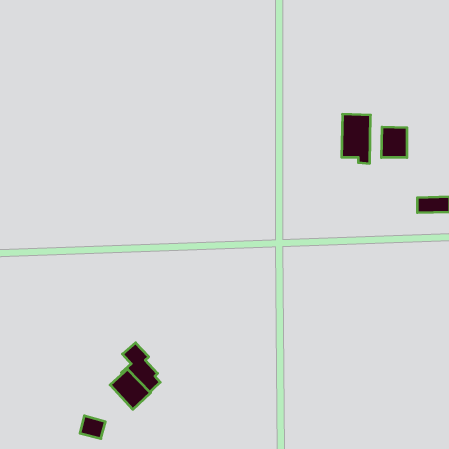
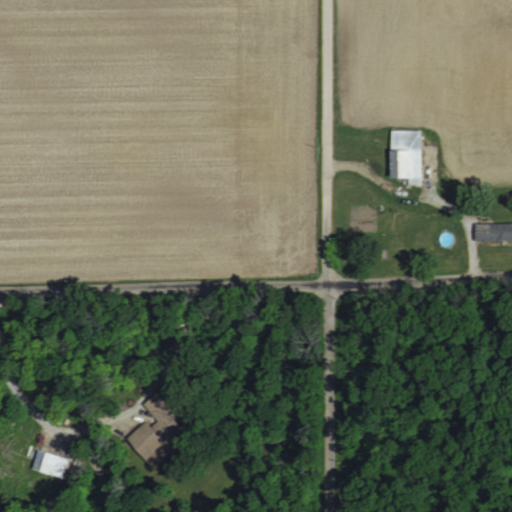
building: [381,127,407,158] -> none
building: [80,416,105,439] -> [38,450,67,476]

